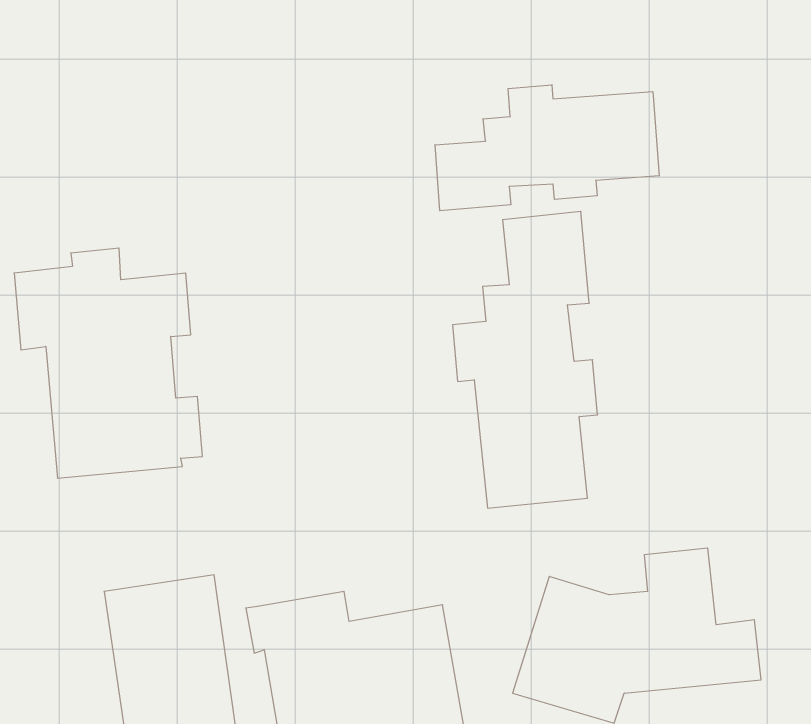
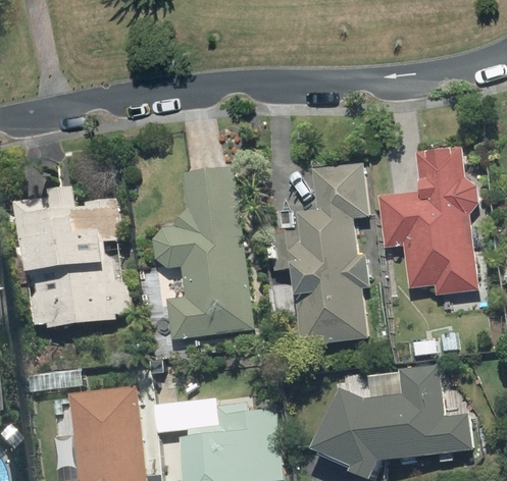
building: [435,85,659,211] -> none
building: none -> [382,146,475,295]
building: none -> [151,167,253,341]

